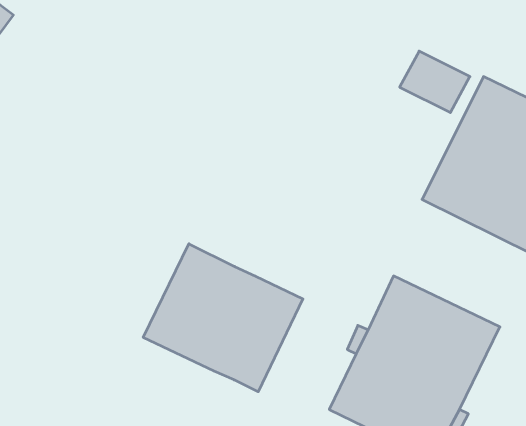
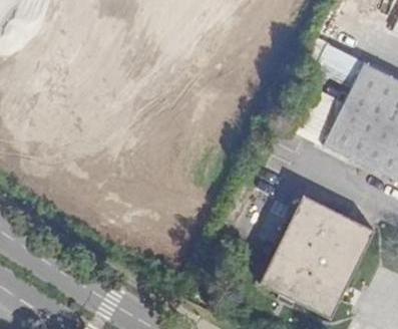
building: [143,244,303,392] -> none

